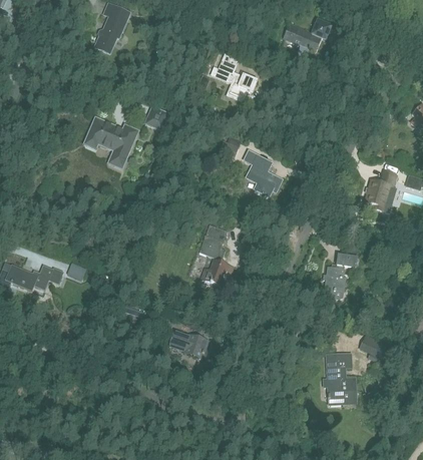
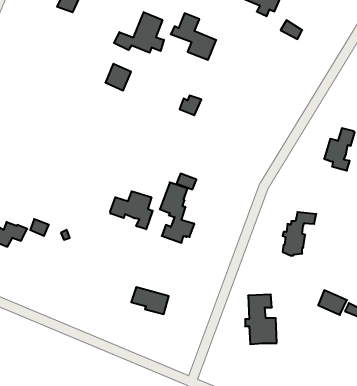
building: none -> [114,12,164,53]
building: [84,117,137,167] -> none
building: [244,150,282,196] -> none
building: none -> [110,191,153,229]
building: [324,354,356,404] -> [245,295,277,344]

